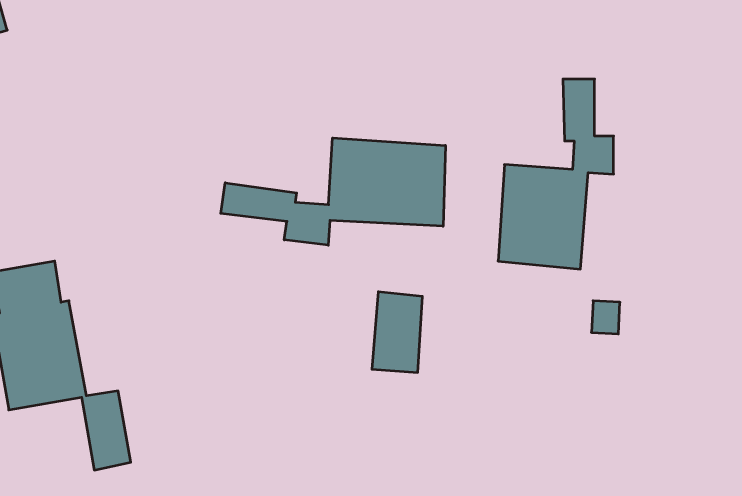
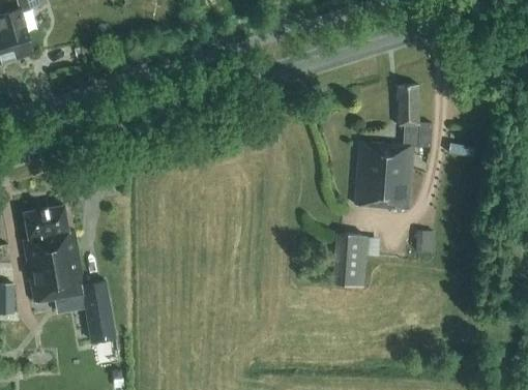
building: [221,138,445,245] -> none
building: [372,292,422,372] -> [333,234,366,287]

